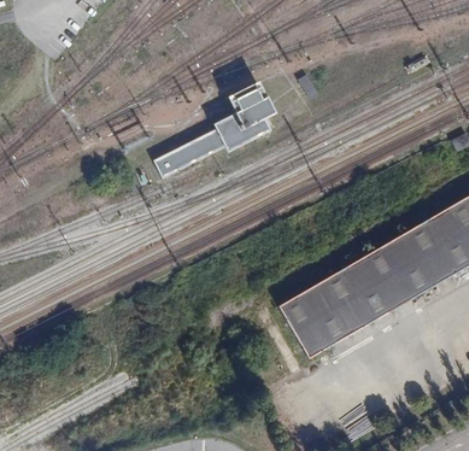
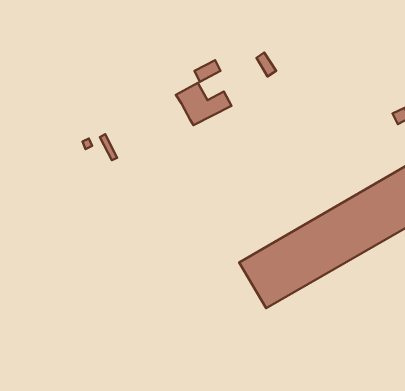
building: [233,89,275,125] -> none
building: [156,129,224,178] -> none

